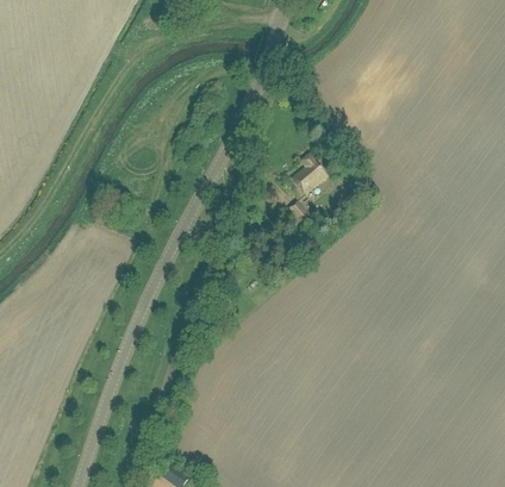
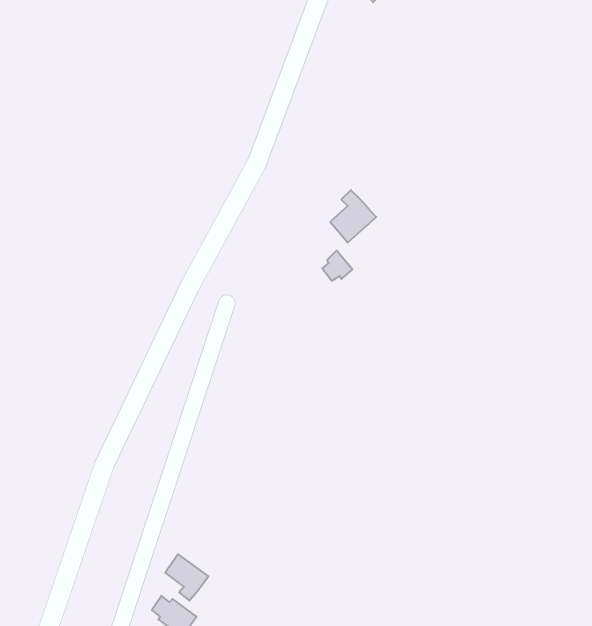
building: none -> [165,554,208,601]

